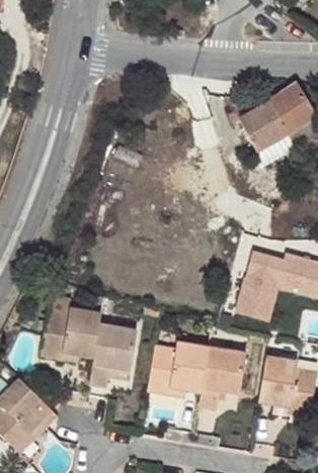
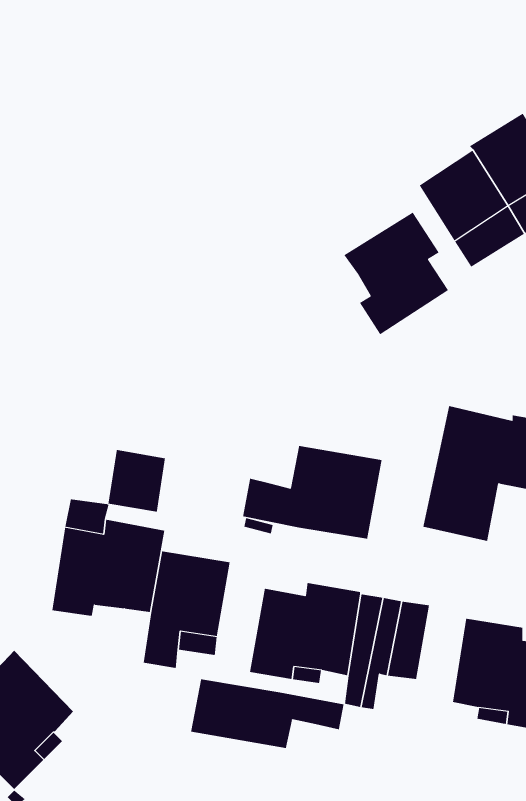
building: none -> [344,212,449,335]
building: none -> [243,445,382,539]
building: none -> [108,449,166,513]
building: none -> [190,678,344,749]

